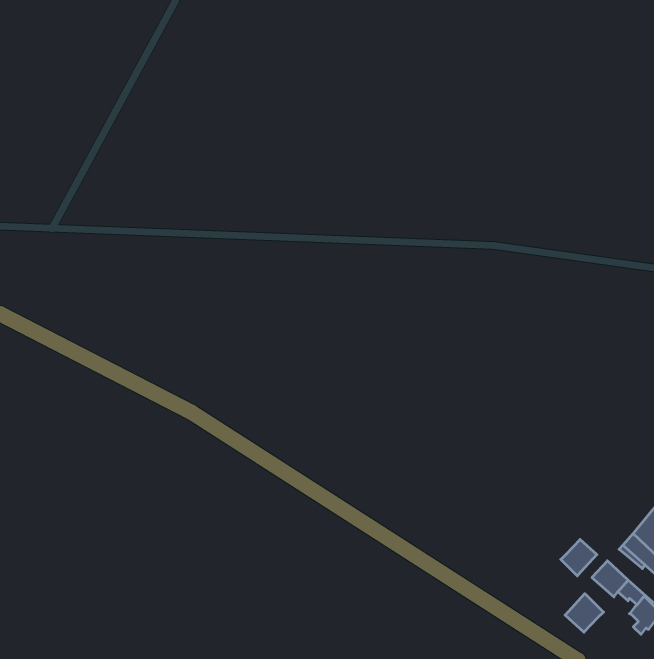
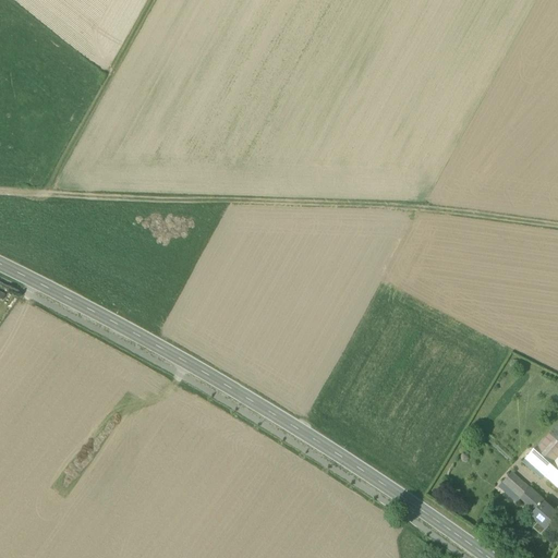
building: [561,539,597,576] -> none
building: [565,594,604,632] -> none

